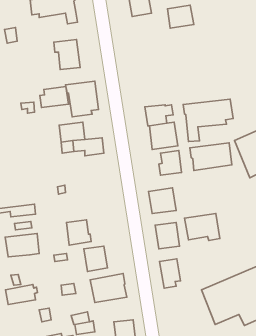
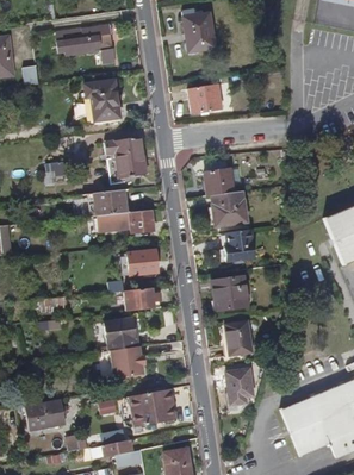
building: [167,5,194,28] -> [190,85,224,114]
building: [40,87,68,107] -> none
building: [183,99,233,141] -> none
building: [190,143,232,171] -> none
building: none -> [129,251,157,276]
building: none -> [124,288,162,312]
building: [185,214,220,240] -> none
building: [5,234,39,257] -> none

